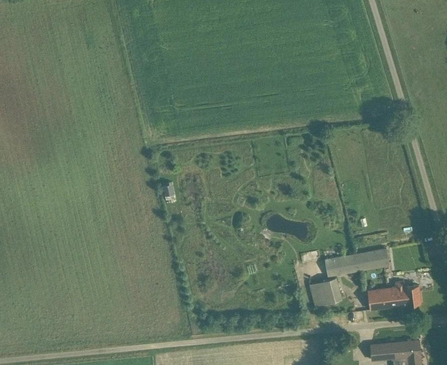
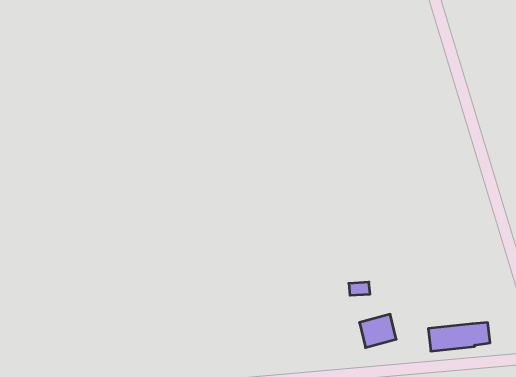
building: [326,249,389,275] -> none

